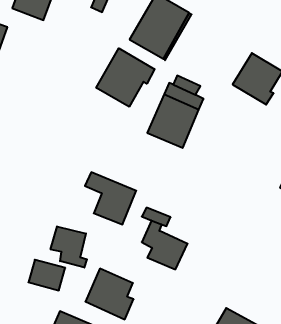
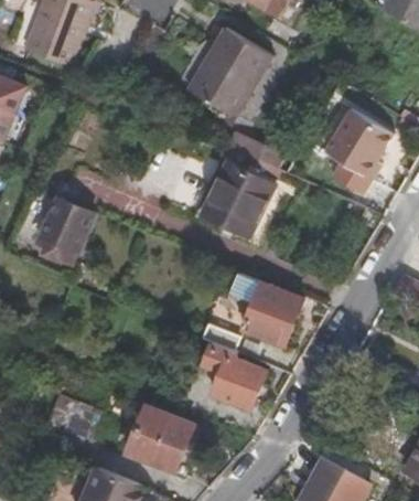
building: [96,48,155,107] -> none
building: none -> [41,200,94,257]
building: [85,172,136,224] -> [234,275,304,347]
building: [51,226,87,268] -> none

